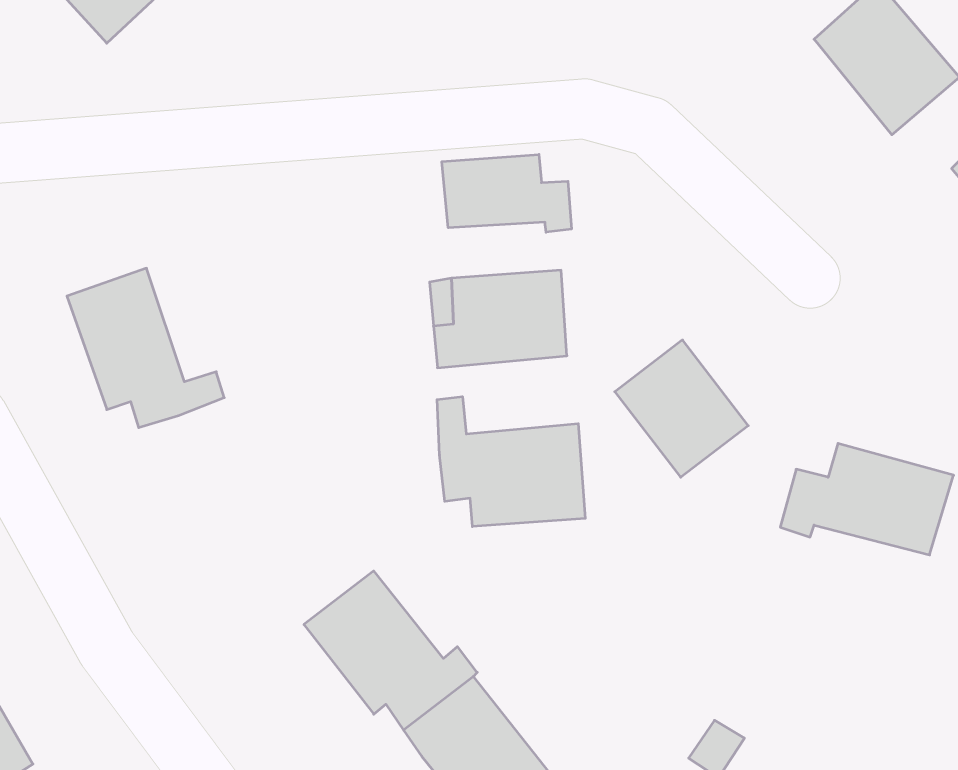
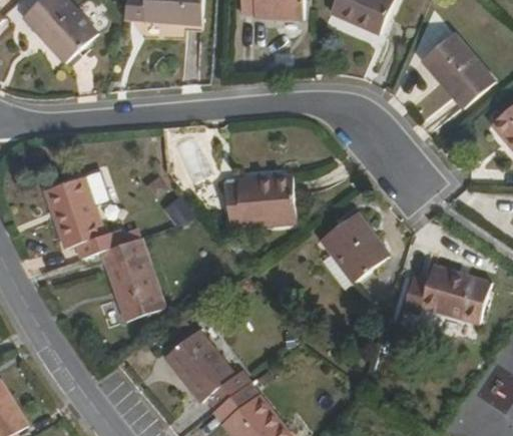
building: [442,154,571,232] -> none
building: none -> [100,237,165,320]
building: [437,397,585,527] -> none

